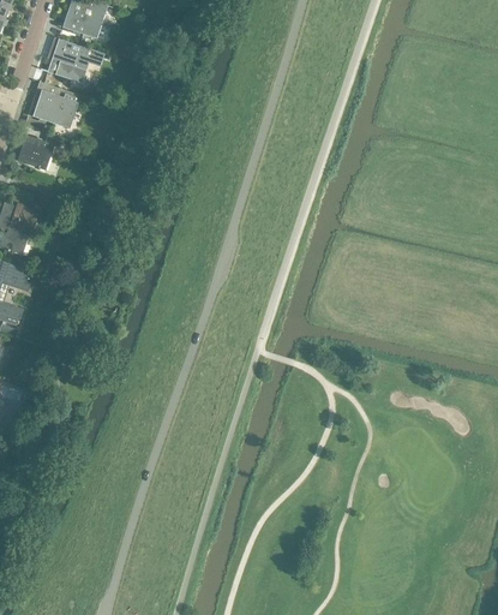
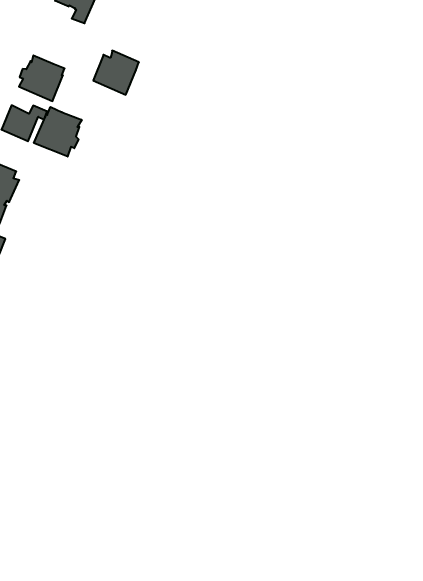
building: [47,41,91,84] -> [93,51,139,95]
building: none -> [34,107,82,157]

